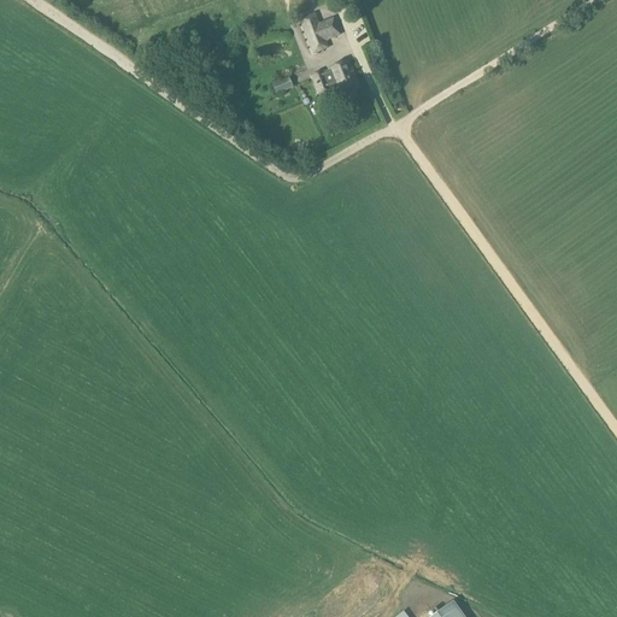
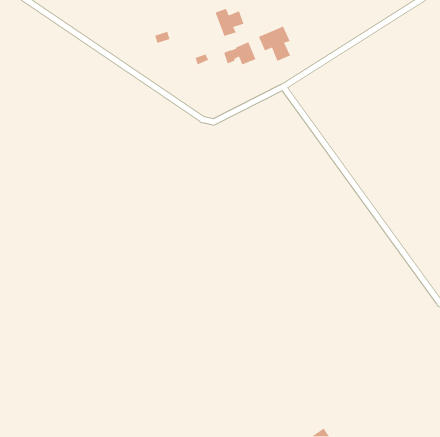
building: none -> [258,26,291,62]

